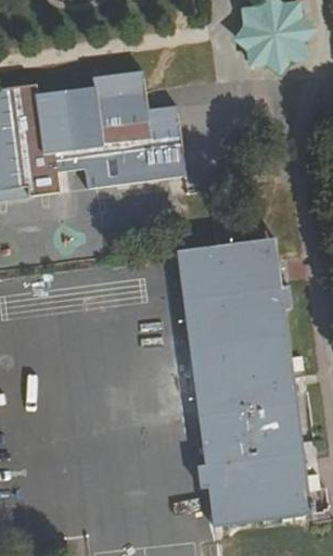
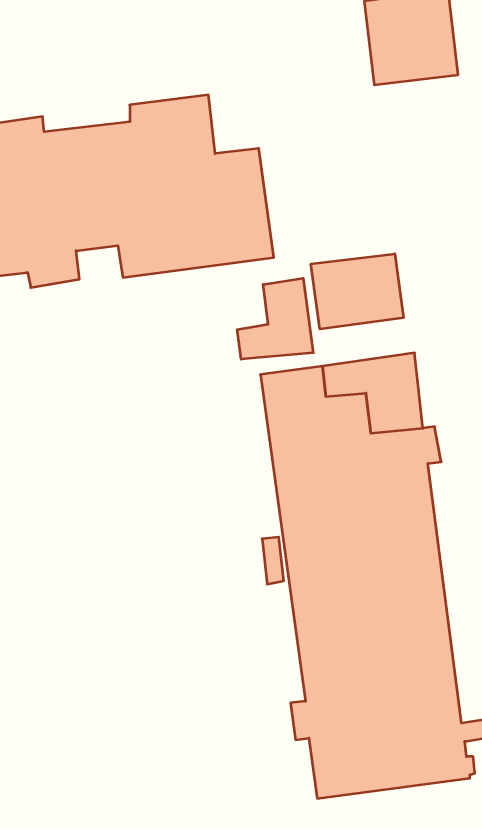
building: none -> [311,254,403,329]
building: none -> [237,278,313,359]

